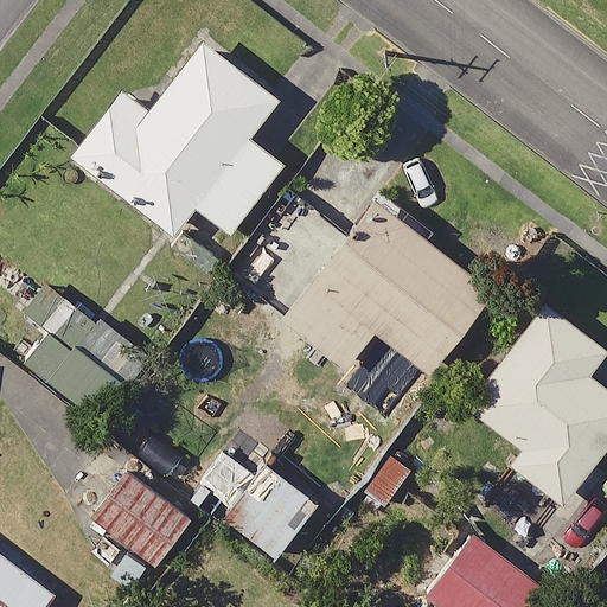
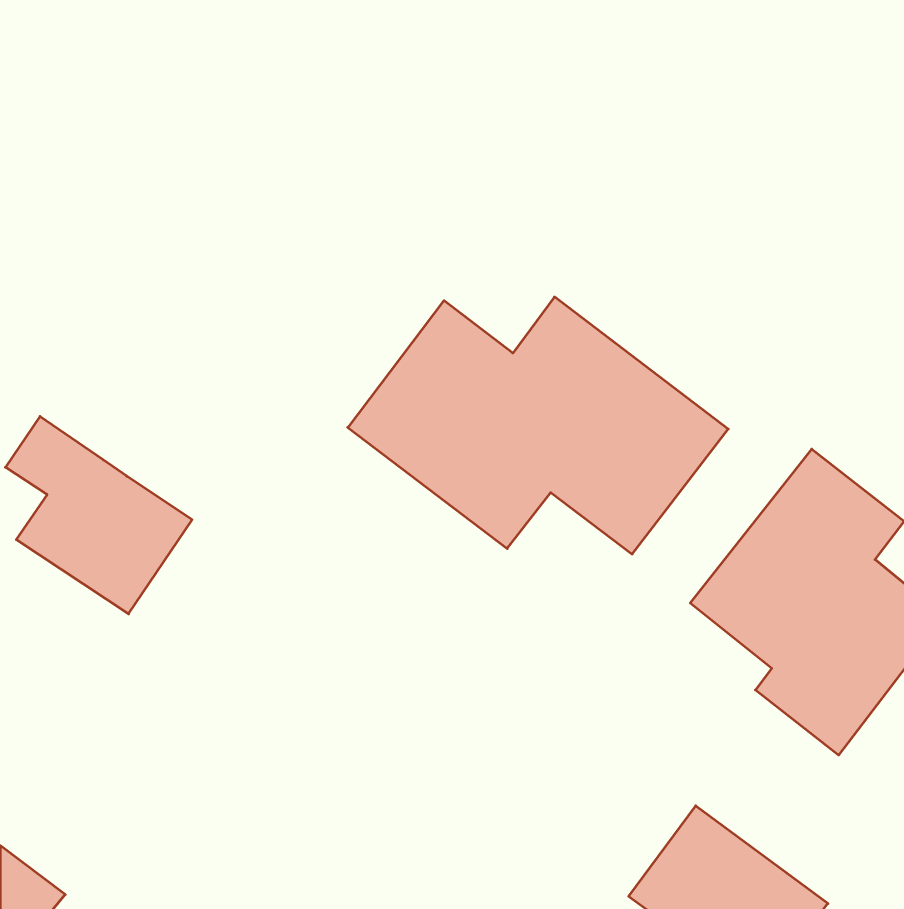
building: [72,46,282,236] -> none
building: [223,464,318,558] -> none
building: [92,469,194,567] -> none

